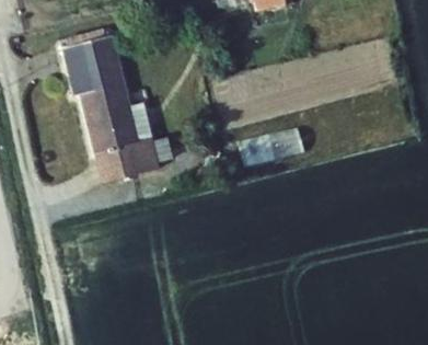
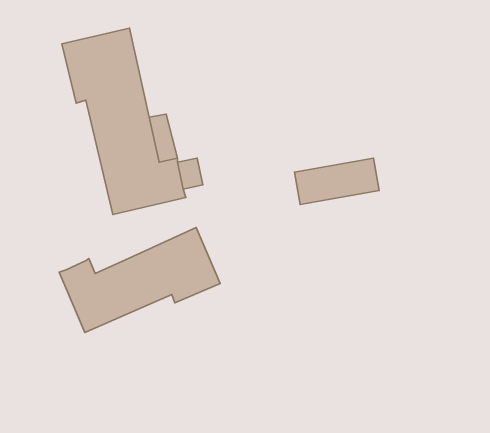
building: none -> [59,228,220,333]

